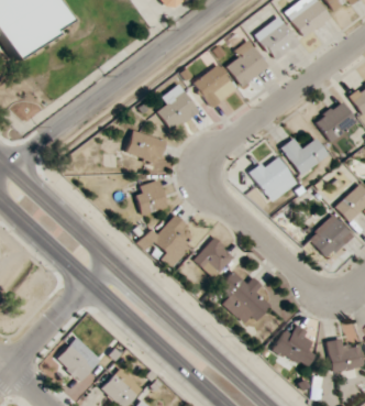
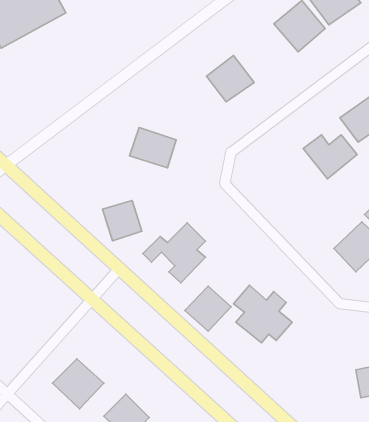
building: [228,39,269,87] -> none
building: [158,83,200,131] -> none
building: [247,151,298,202] -> none
building: [133,179,168,216] -> [103,200,142,241]
building: [192,238,234,278] -> [185,286,231,331]
building: [272,325,318,369] -> none

